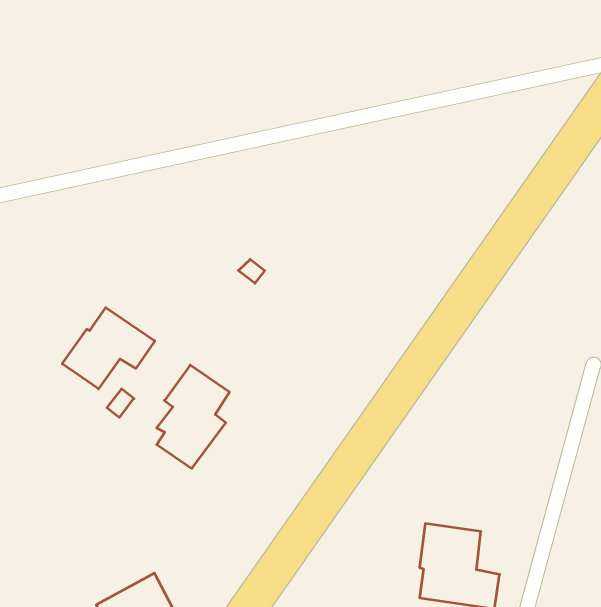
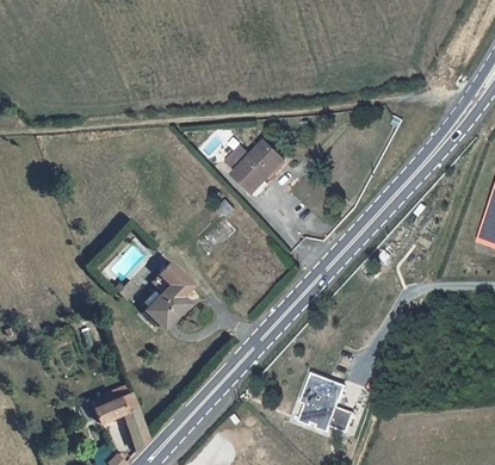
building: none -> [227,144,281,199]
building: [62,308,155,389] -> none

